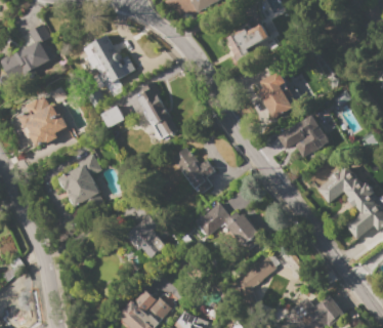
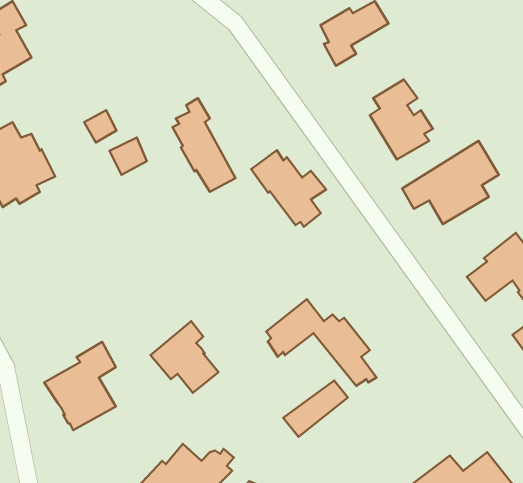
building: [83,34,133,87] -> none
building: [169,147,214,193] -> [251,150,326,227]
building: [57,154,100,207] -> [44,342,116,430]
building: [237,257,275,291] -> [283,381,348,437]

